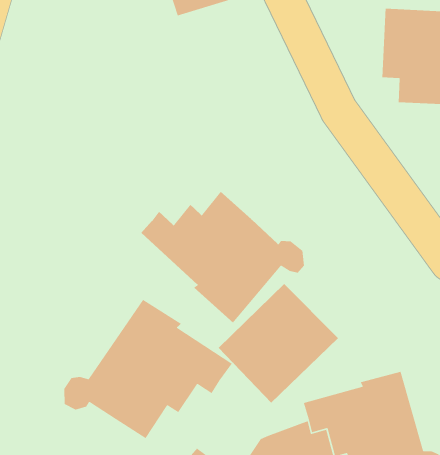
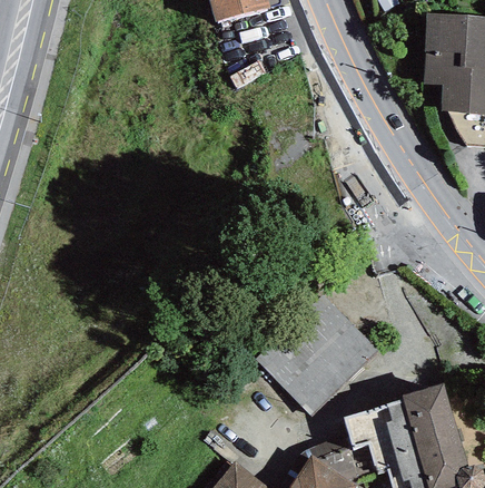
building: [140,191,305,323] -> none
building: [63,299,233,439] -> none

